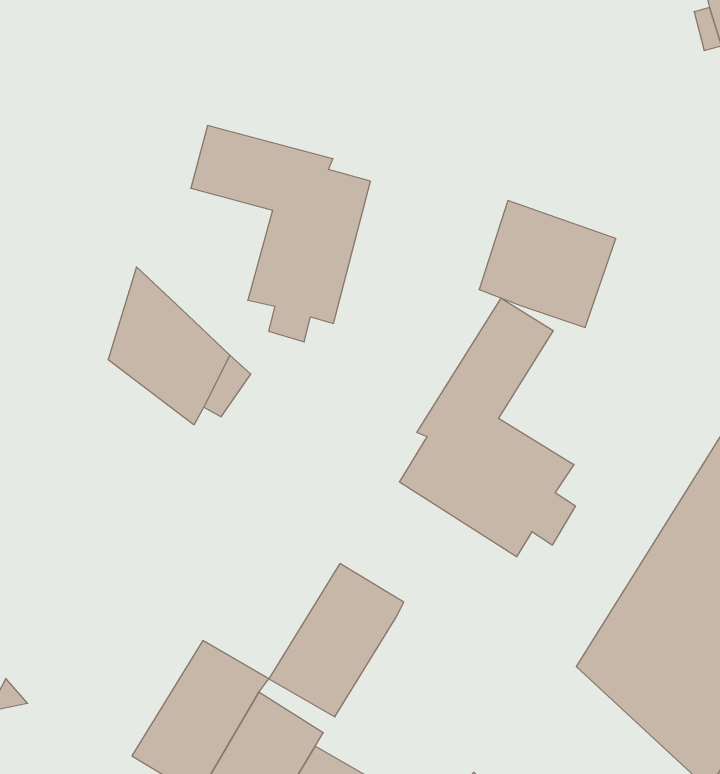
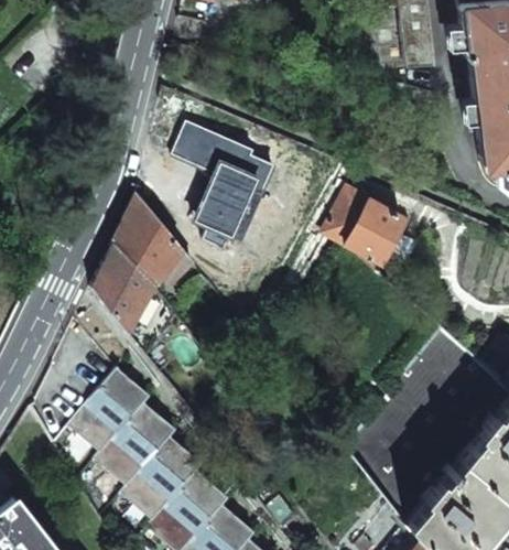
building: [399,298,576,557] -> none
building: none -> [96,244,159,336]
building: [269,564,404,717] -> [71,371,151,455]

